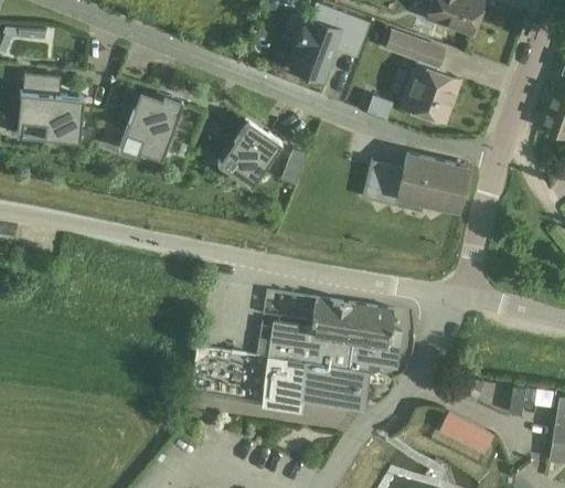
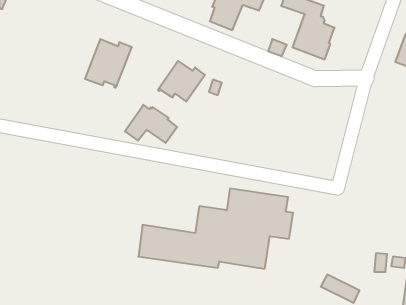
building: [18,73,84,141] -> none
building: [363,152,469,211] -> none
building: none -> [125,105,177,143]

